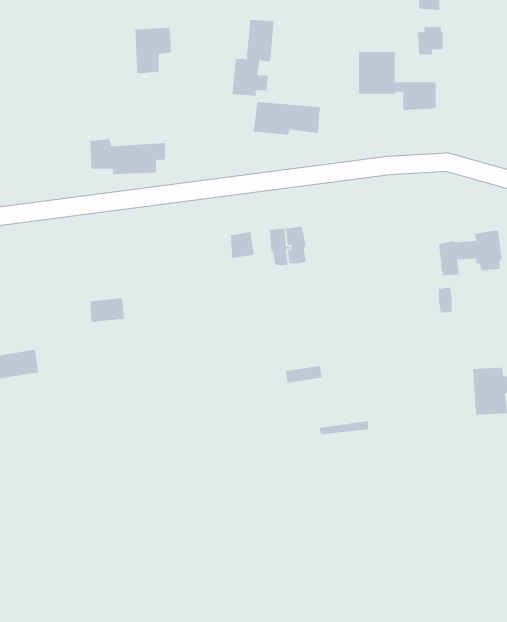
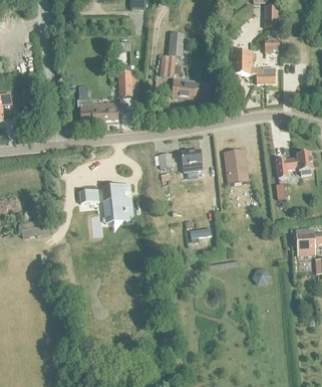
building: [135,28,172,74] -> [117,69,138,95]
building: none -> [224,149,248,183]
building: none -> [108,185,133,223]

